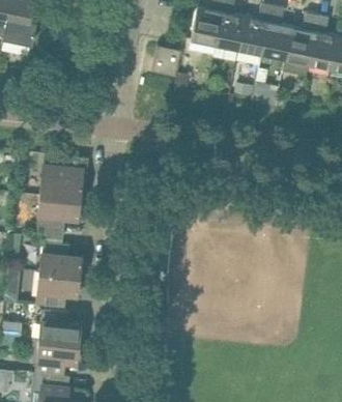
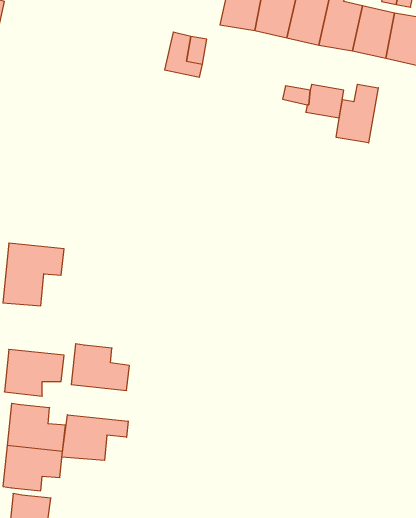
building: none -> [336,84,378,143]
building: [40,154,82,200] -> none
building: [40,242,82,276] -> [71,344,129,390]
building: none -> [62,415,128,460]

